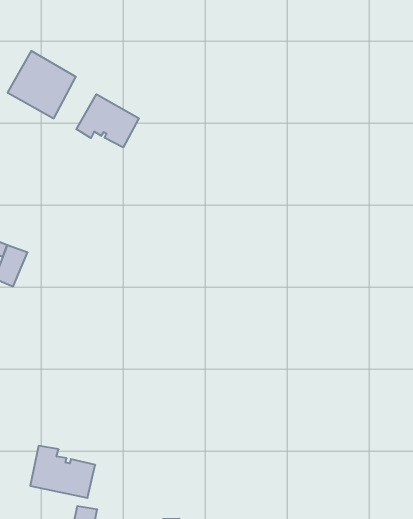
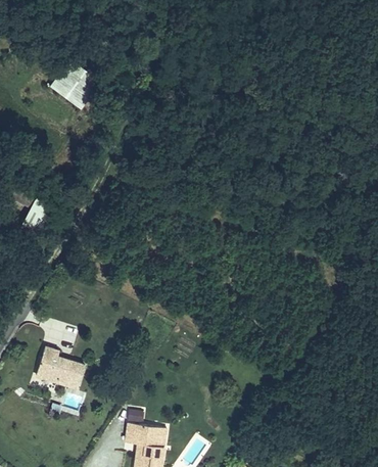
building: [76,94,139,147] -> none

